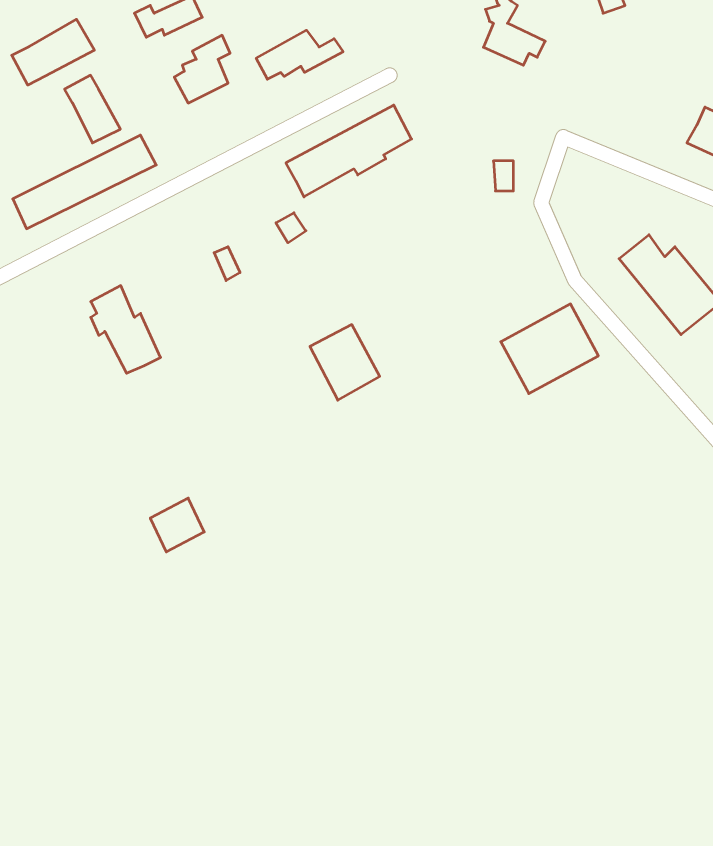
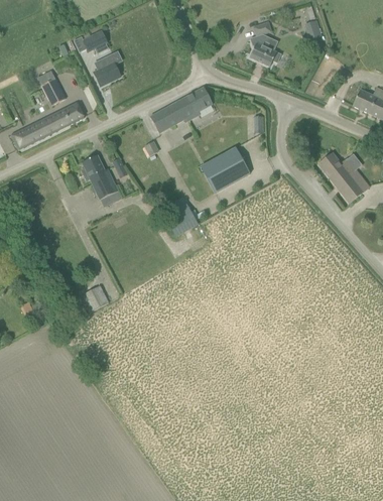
building: [12,19,94,85] -> none
building: [256,30,343,79] -> none
building: [91,286,161,373] -> [82,153,117,198]
building: [501,304,598,394] -> [201,146,250,192]

